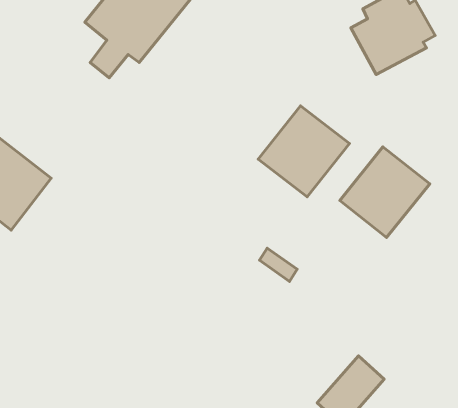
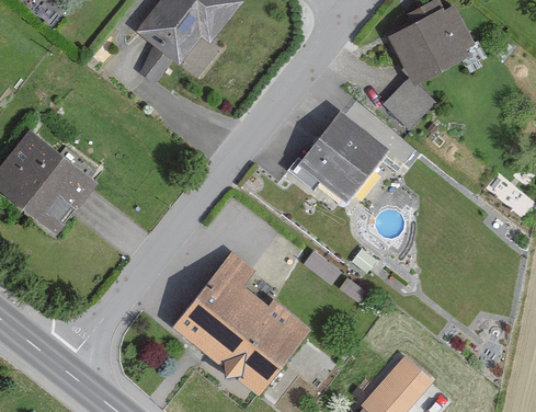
building: none -> [386,77,435,126]
building: [340,147,430,237] -> none
building: none -> [173,252,312,394]

